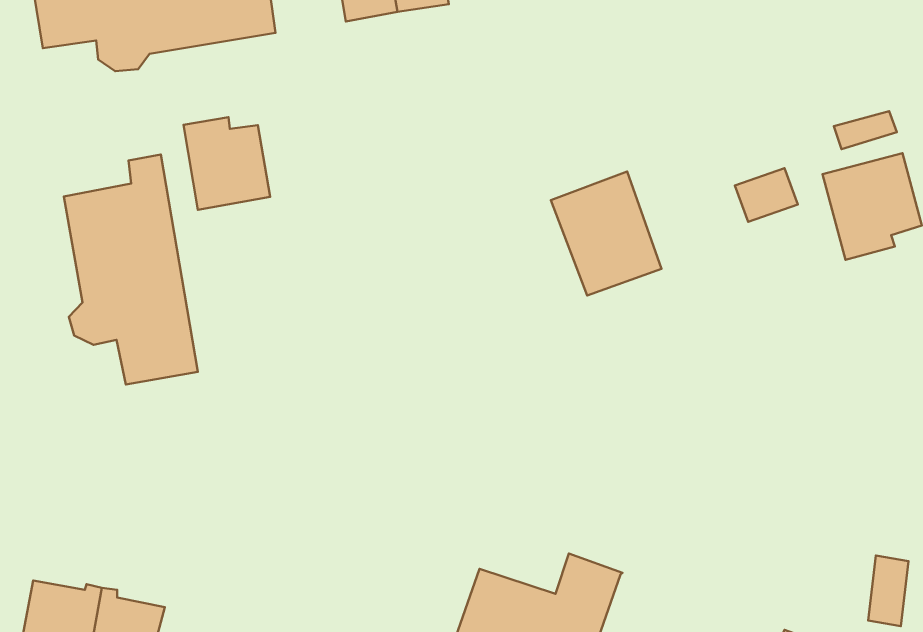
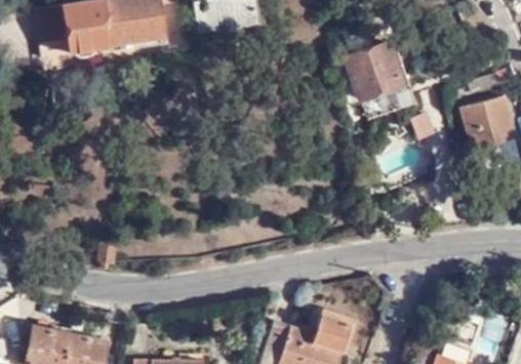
building: [183,117,270,210] -> none
building: [64,154,198,385] -> none
building: [551,171,661,295] -> [345,43,404,110]

